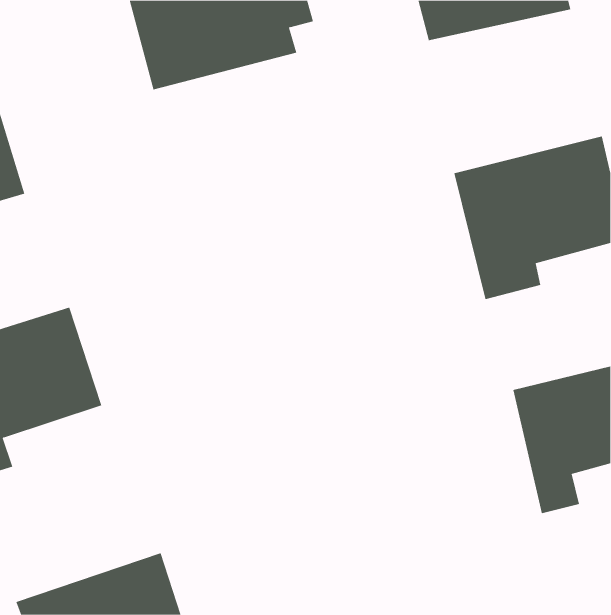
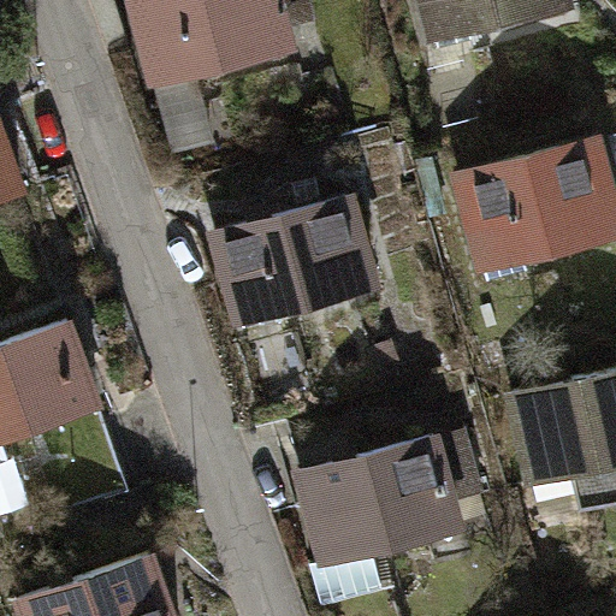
building: none -> [207,194,378,327]
building: none -> [295,426,485,606]

